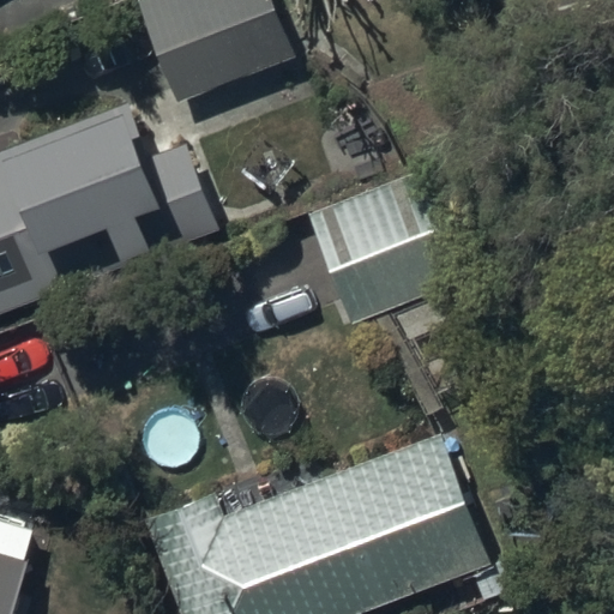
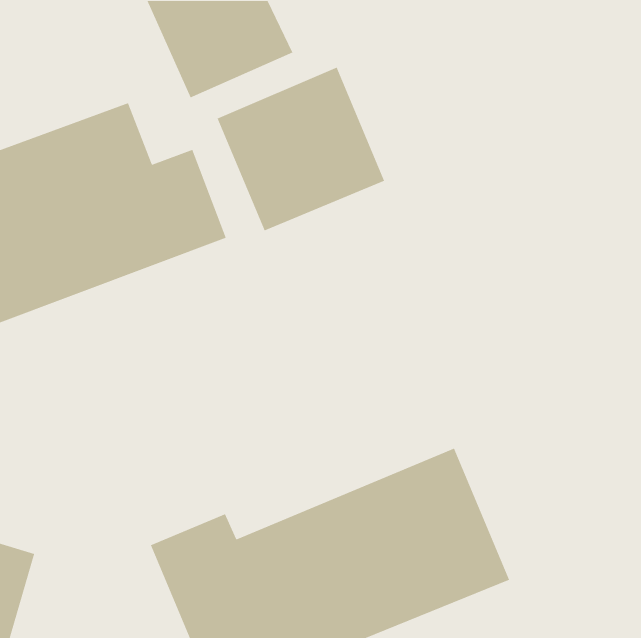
building: [307,168,468,325] -> [216,66,385,232]

